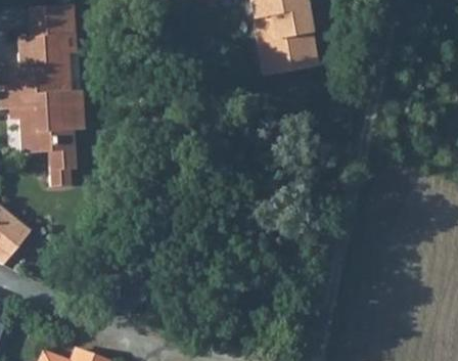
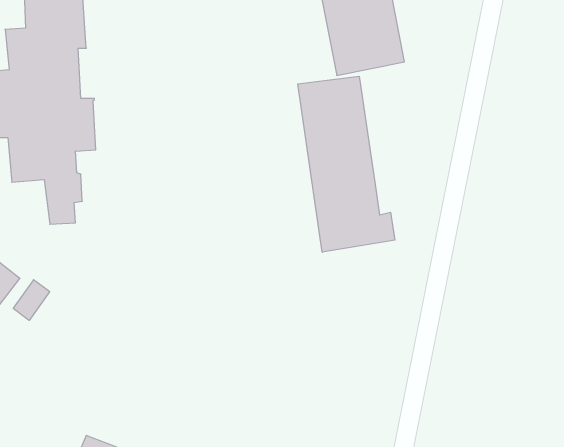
building: none -> [298,76,395,252]

